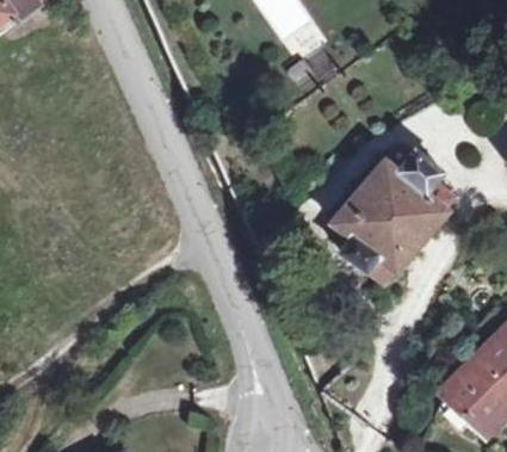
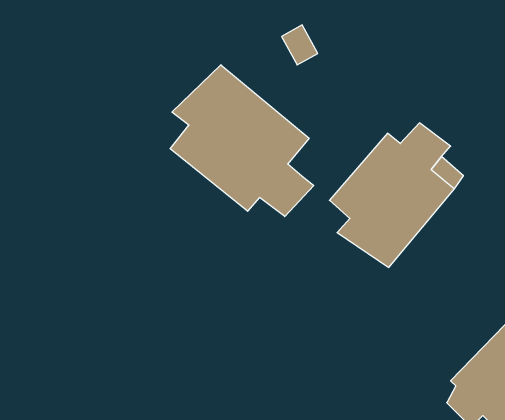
building: none -> [170,65,314,217]

